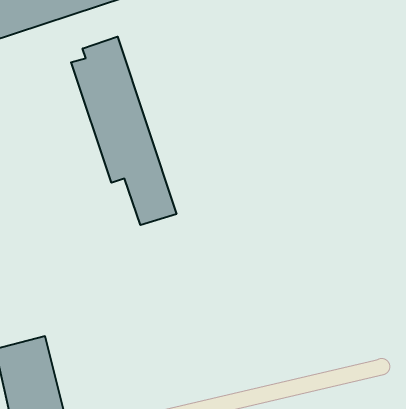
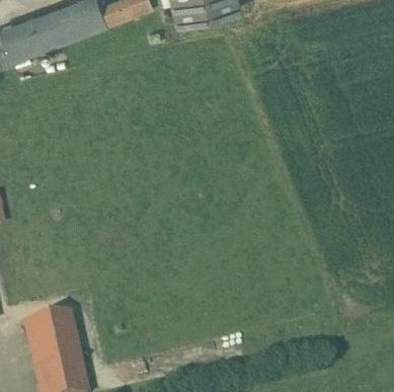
building: [71,37,176,225] -> none

